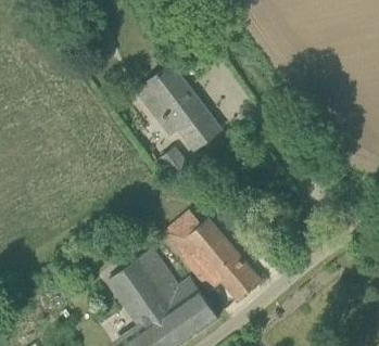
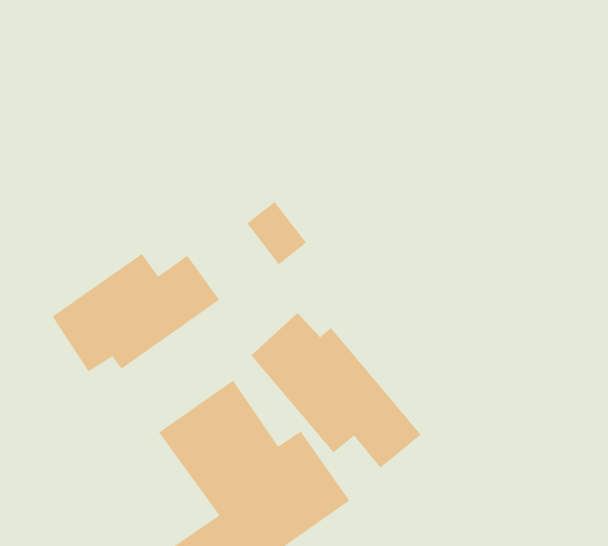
building: [143,64,220,150] -> none
building: none -> [52,253,220,372]

